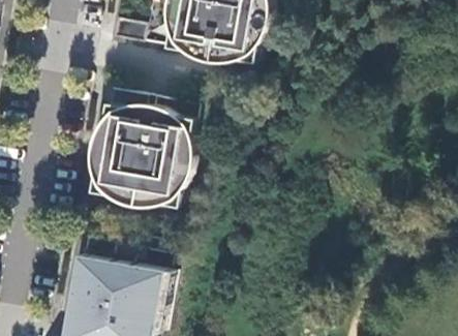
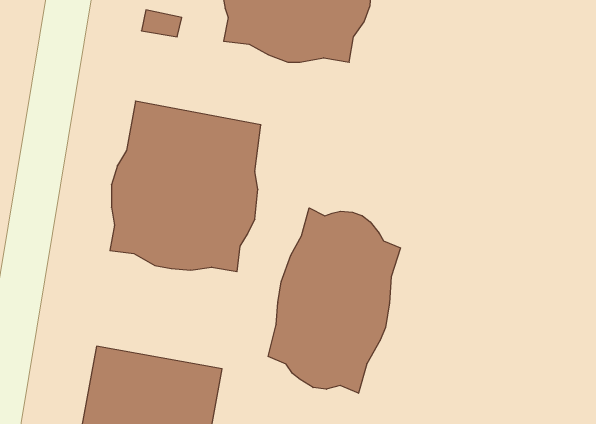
building: none -> [268,208,401,393]

